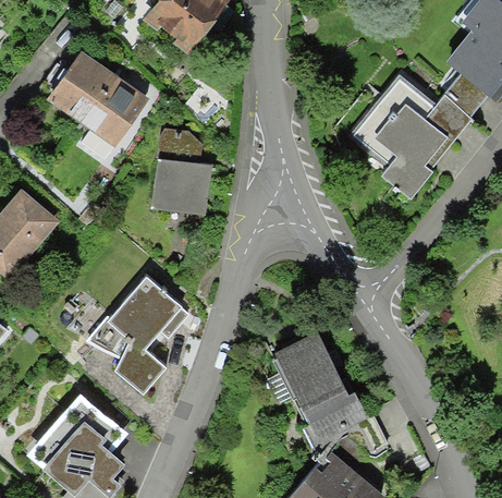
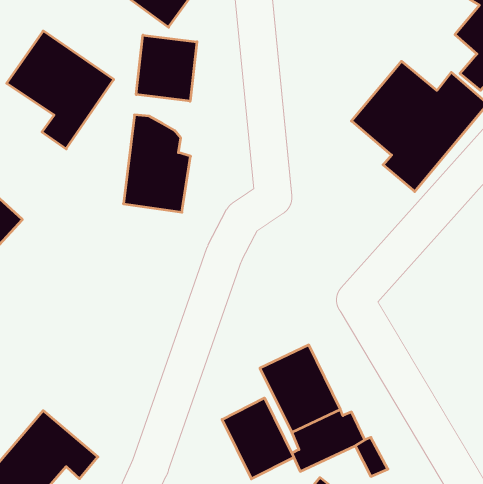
building: none -> [136,35,197,101]
building: [88,277,186,396] -> none
building: none -> [222,398,294,479]

